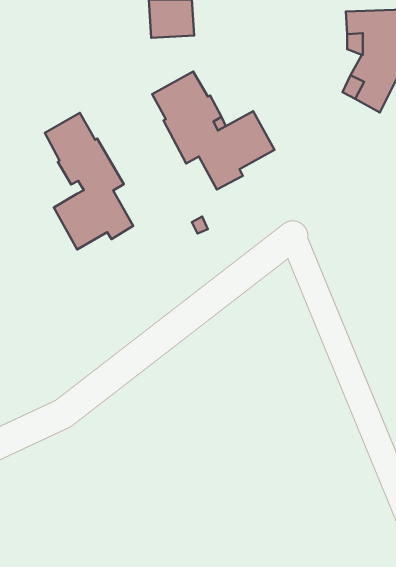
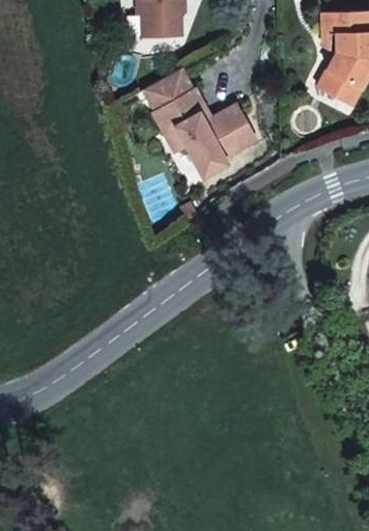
building: [45,113,133,249] -> none

